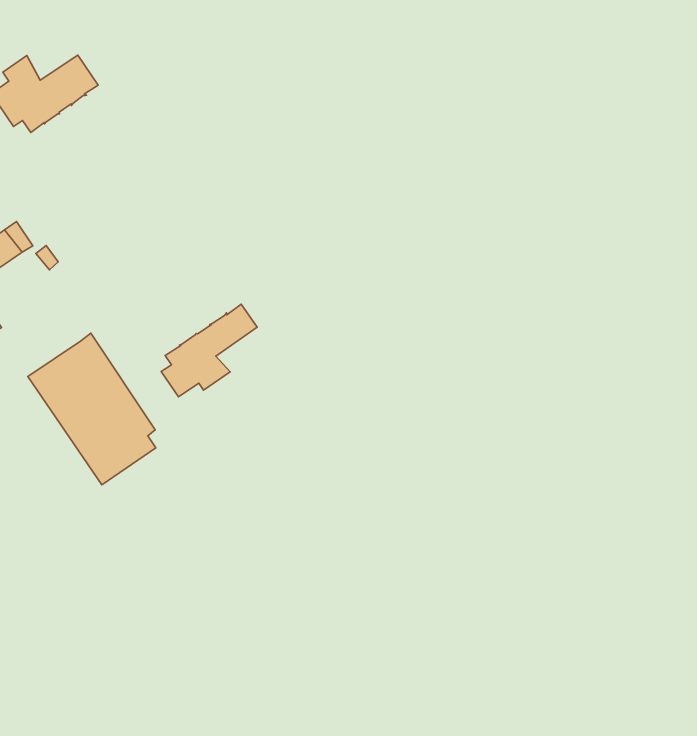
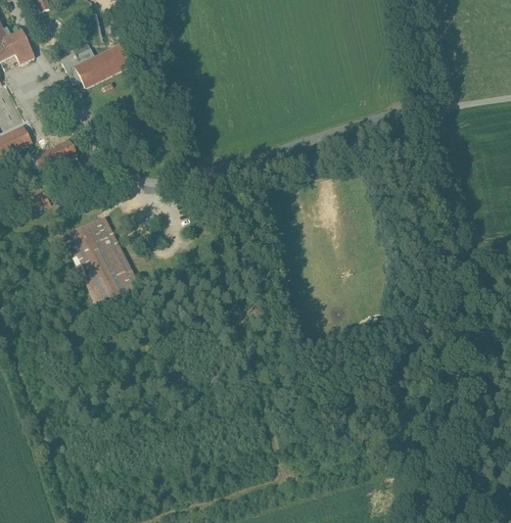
building: [161,304,257,397] -> none

